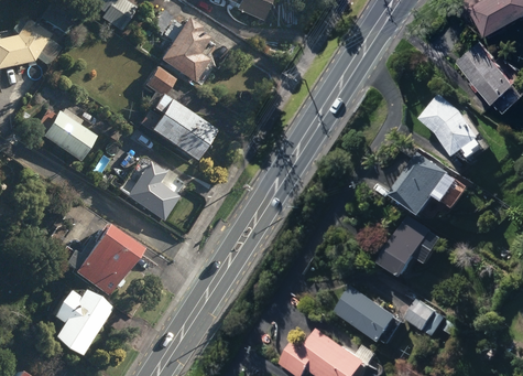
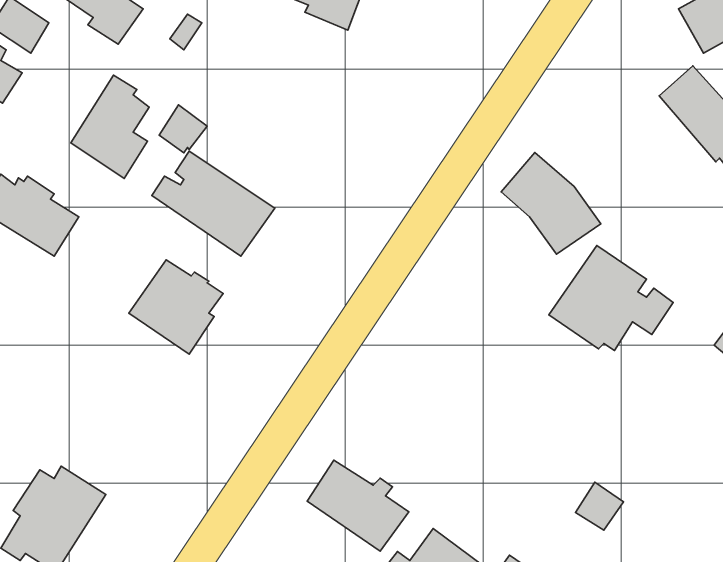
building: [163,18,211,82] -> [71,75,149,178]
building: [417,95,479,158] -> [501,153,601,254]
building: [377,216,440,278] -> none
building: [58,225,145,296] -> none
building: [334,287,396,343] -> [307,460,409,551]

